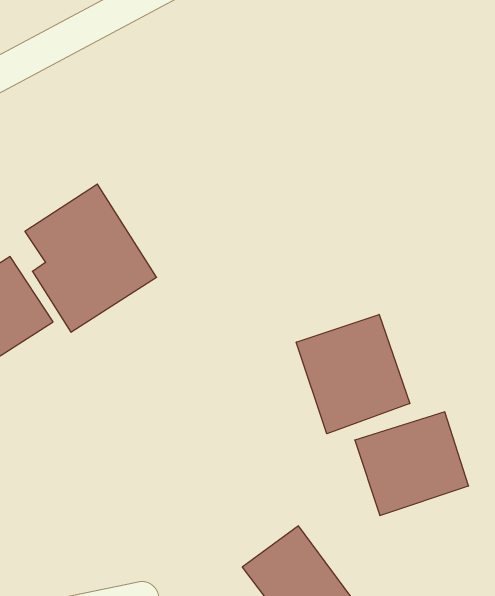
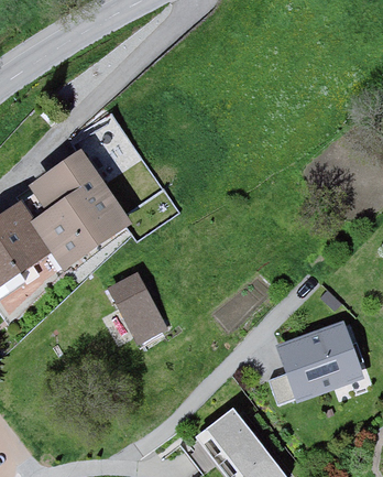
building: [296,314,410,434] -> none
building: none -> [103,267,167,344]

